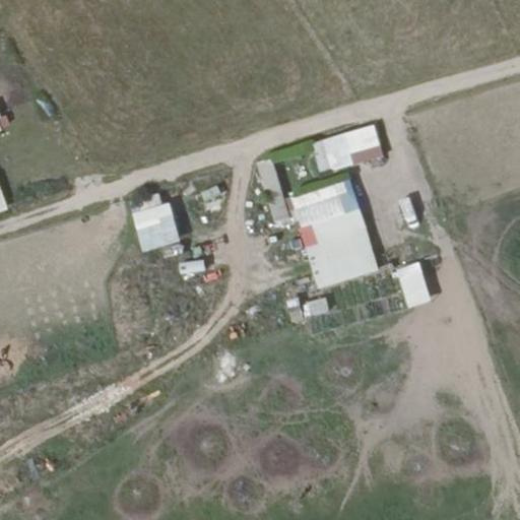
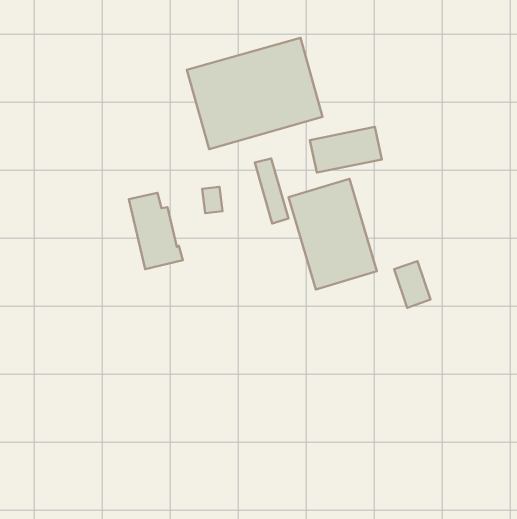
building: none -> [187,38,323,149]

